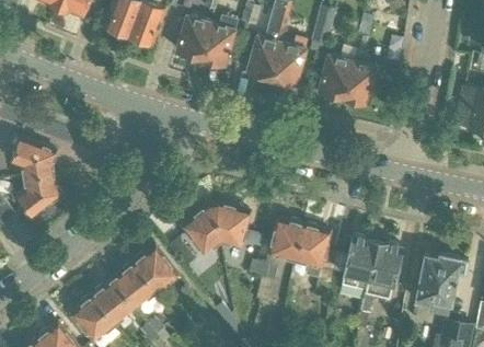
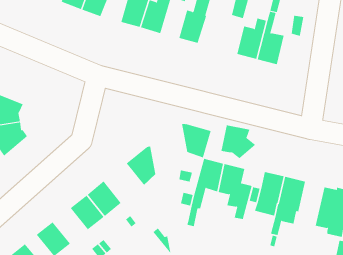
building: [270,43,306,85] -> none
building: none -> [221,124,256,159]
building: [212,204,250,246] -> [181,124,211,158]
building: [92,280,135,324] -> none

